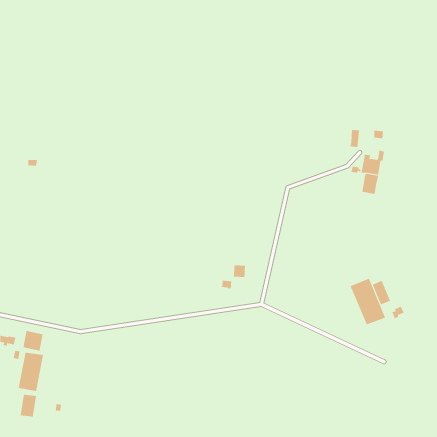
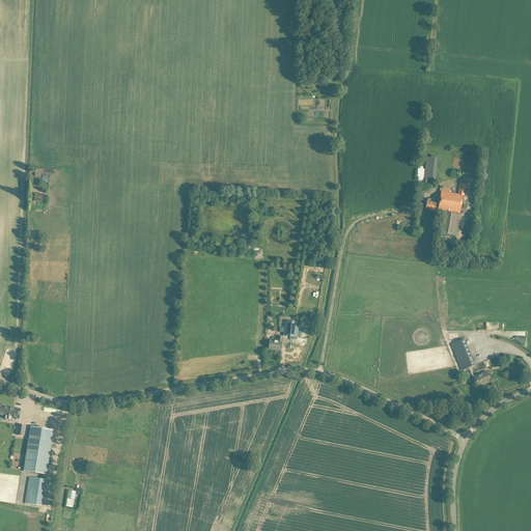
building: [350,278,386,325] -> none
building: [23,330,43,352] -> none

